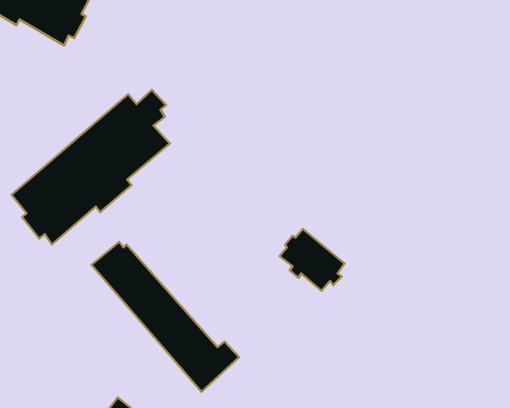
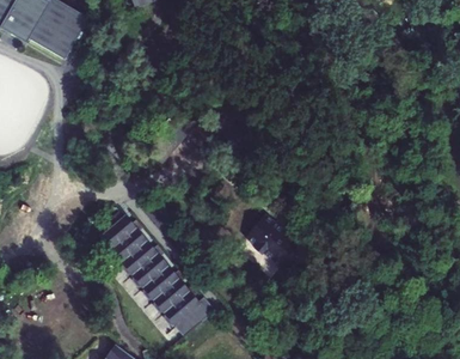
building: [12,90,170,244] -> none

